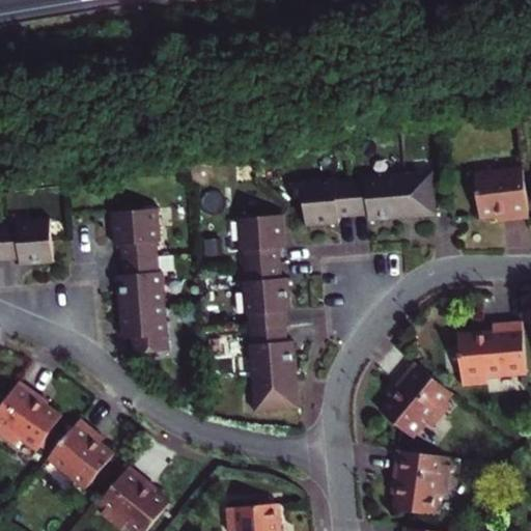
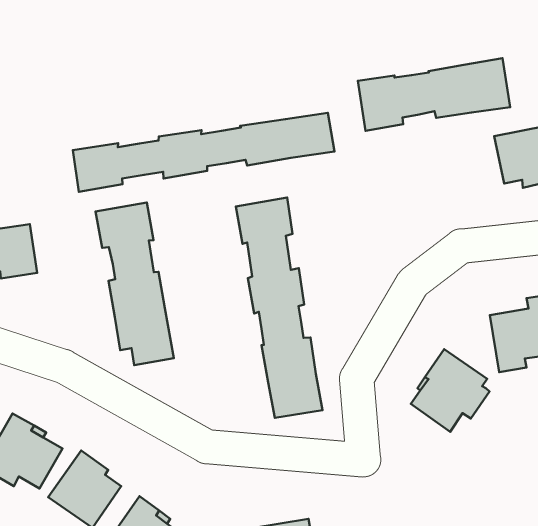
building: none -> [73,113,335,192]
building: [302,170,437,225] -> [358,58,510,131]
building: [392,449,449,515] -> none

